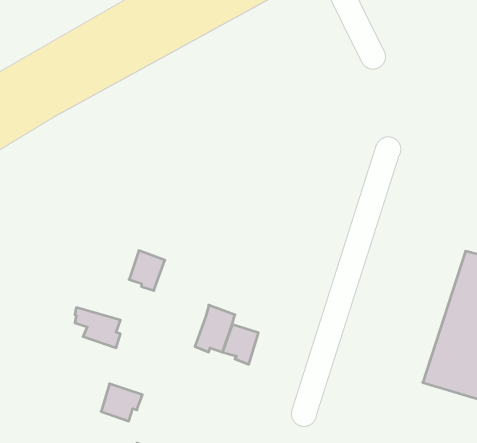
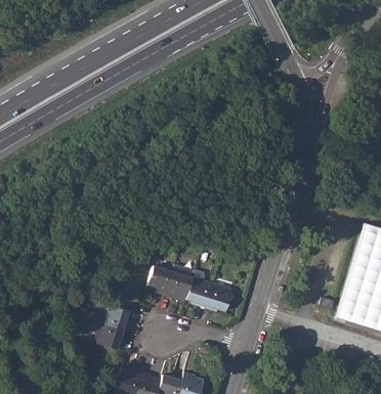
building: [129,251,165,291] -> [146,264,173,294]
building: [75,308,120,348] -> [95,300,129,330]
building: none -> [205,283,232,311]

